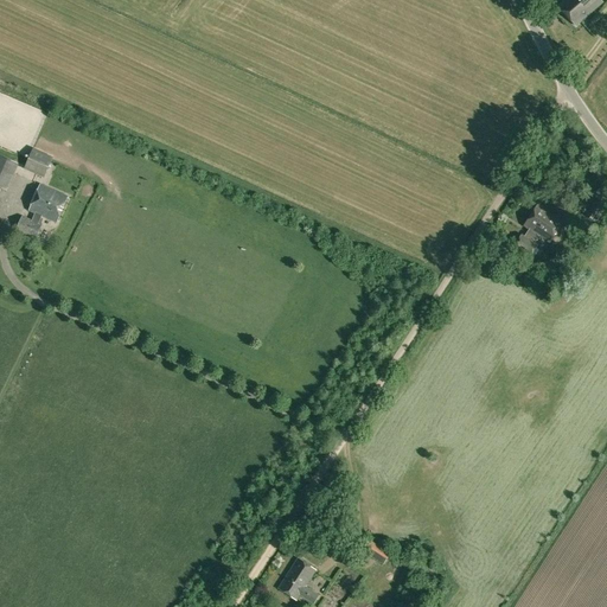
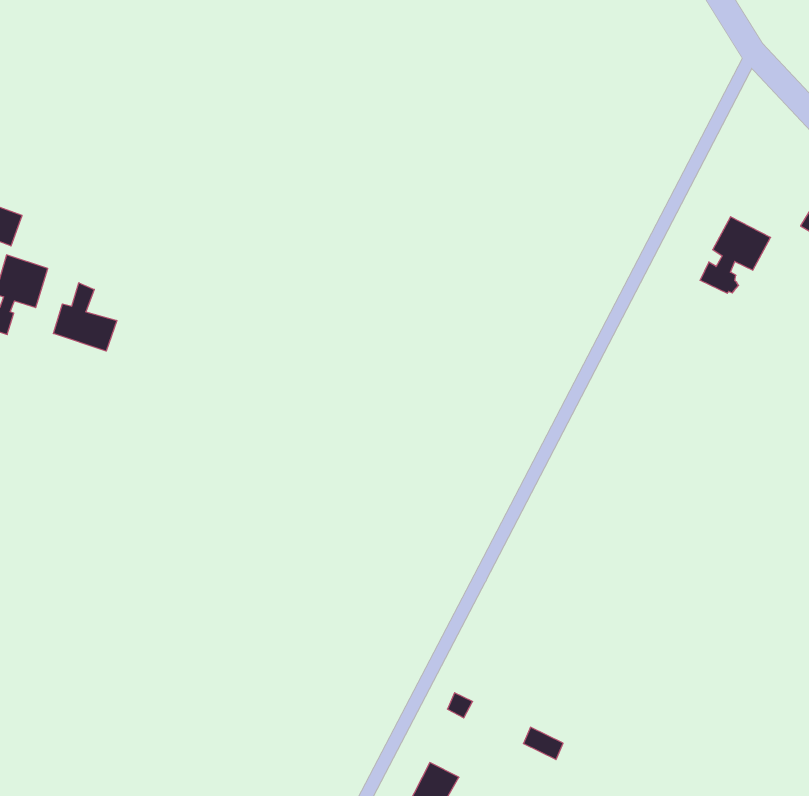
building: none -> [53,283,117,351]

